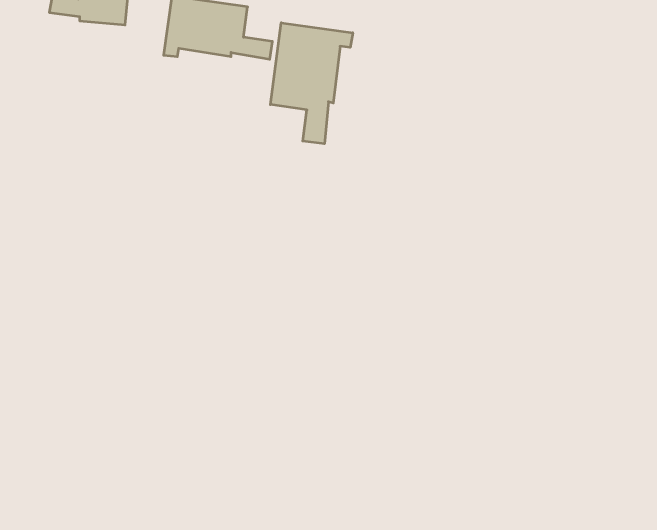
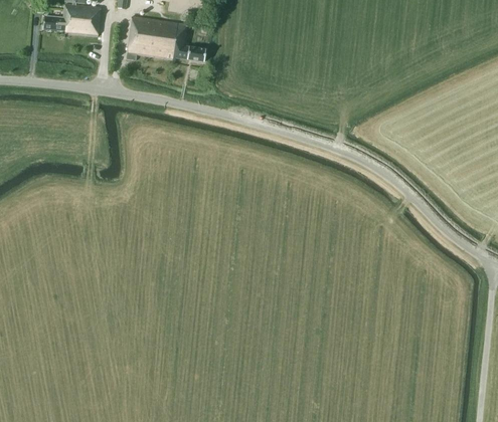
building: [270,23,353,144] -> none

